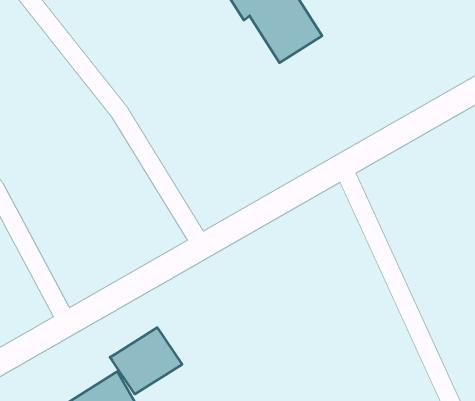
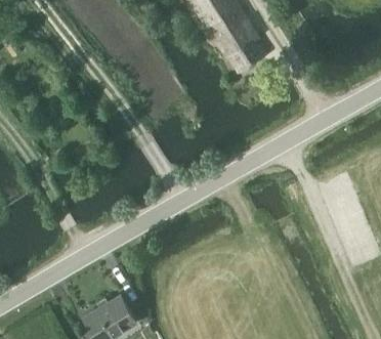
building: [110,328,182,394] -> none

